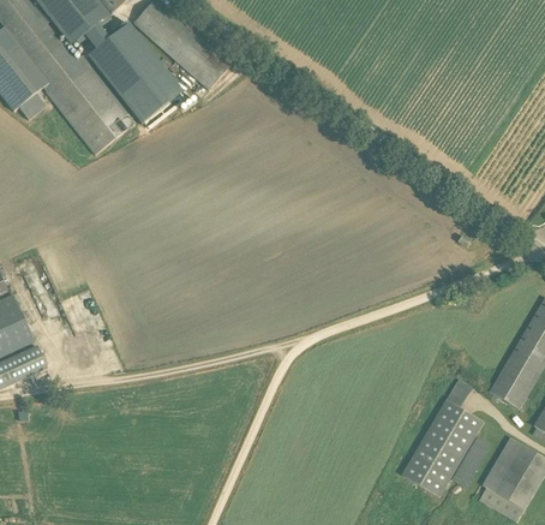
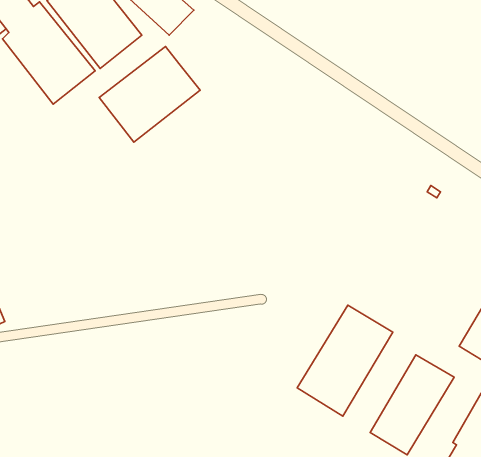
building: none -> [99,47,200,142]
building: none -> [297,305,393,416]

